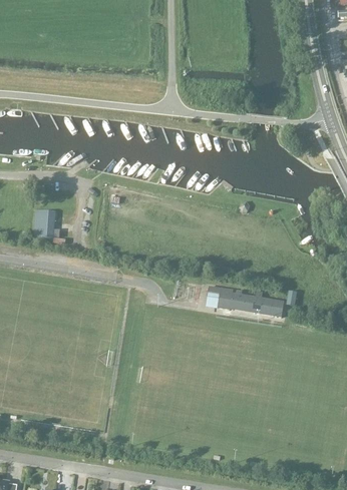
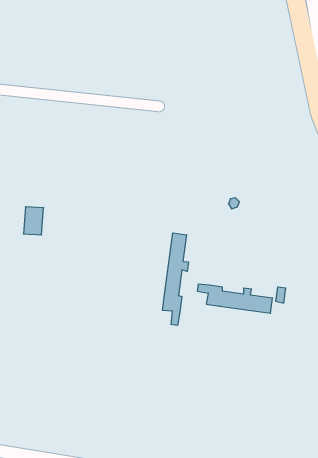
building: none -> [162,233,188,325]

